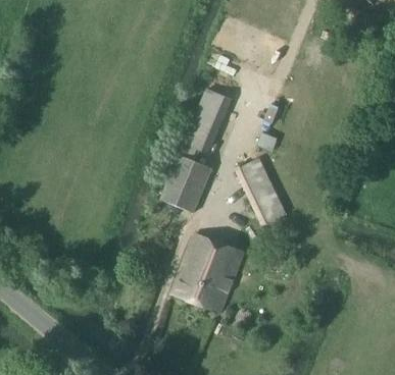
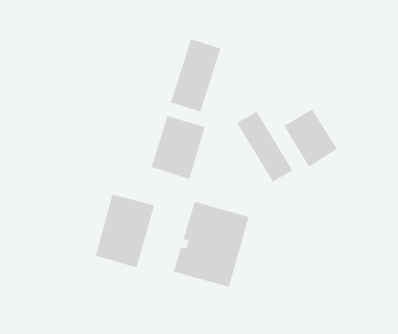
building: none -> [284,108,337,167]
building: none -> [95,194,155,268]

